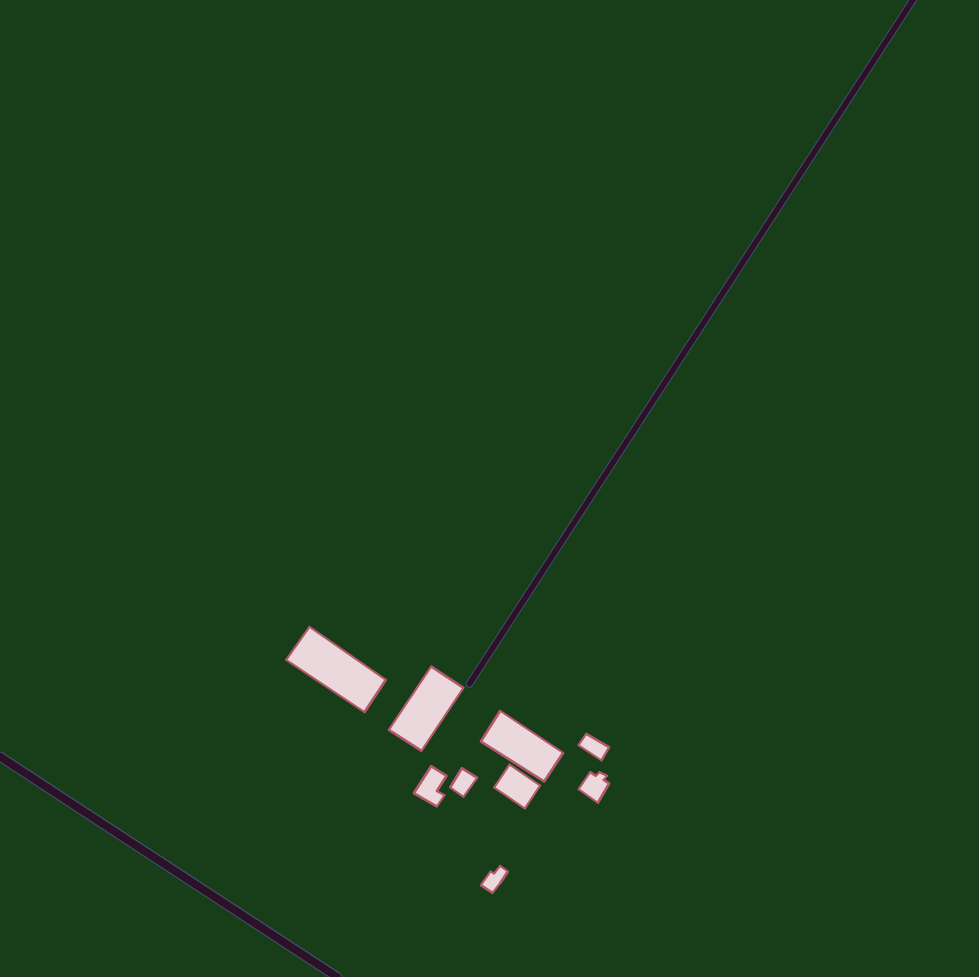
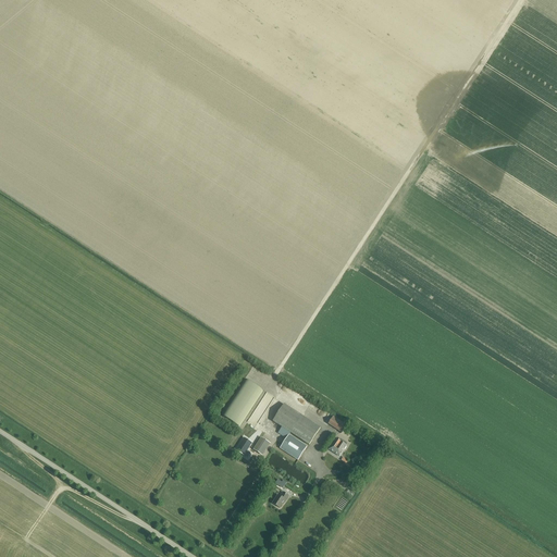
building: [286,627,386,712] -> none

